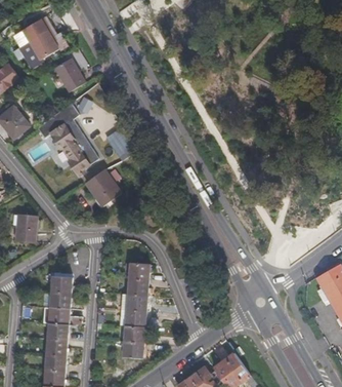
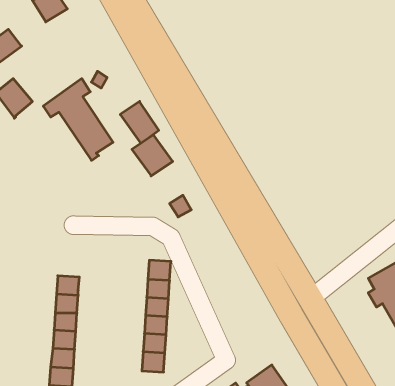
building: [53,59,84,92] -> none
building: [87,172,122,207] -> [132,135,173,176]
building: [14,215,36,244] -> none

